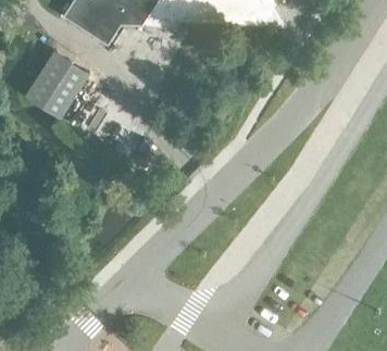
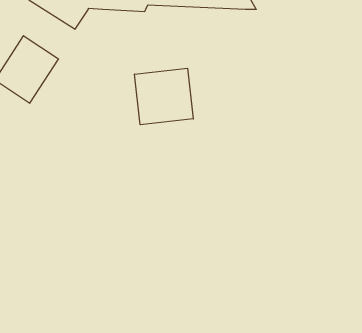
building: none -> [135,68,193,125]

